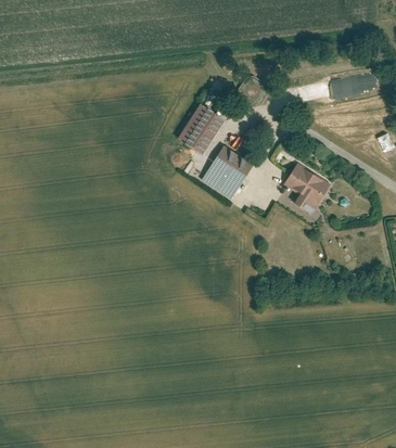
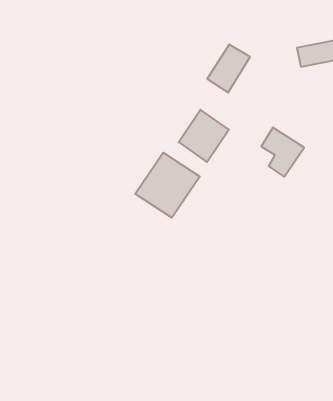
building: [180,104,225,154] -> [207,44,250,93]
building: none -> [135,153,200,218]

